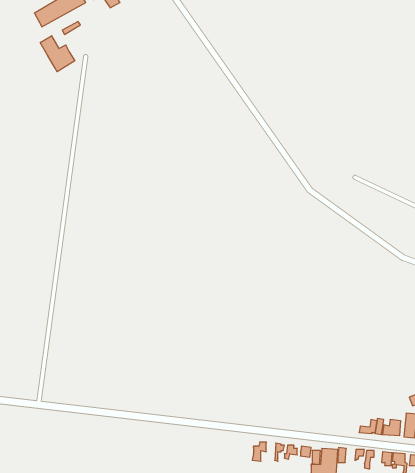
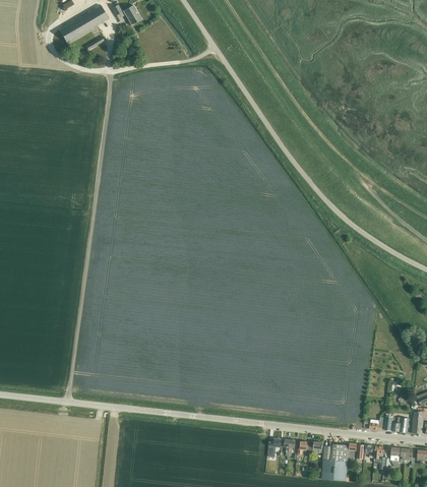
building: [40,36,75,72] -> none

